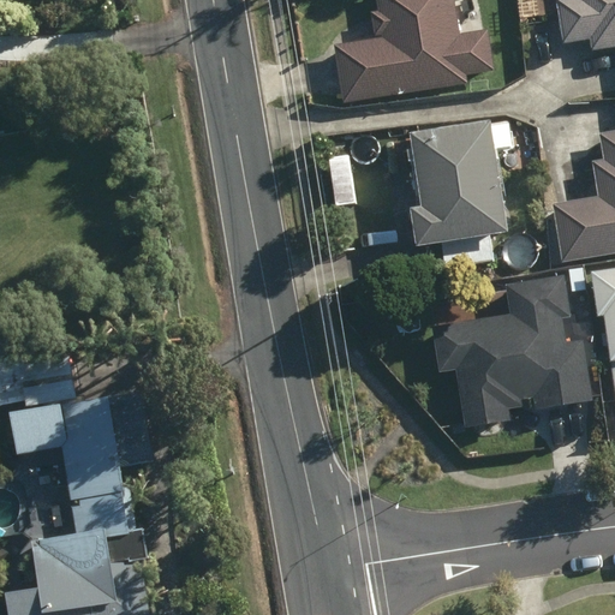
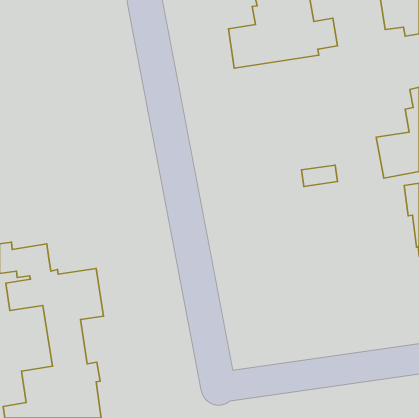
building: [408,121,513,246] -> none
building: [432,275,593,428] -> none

